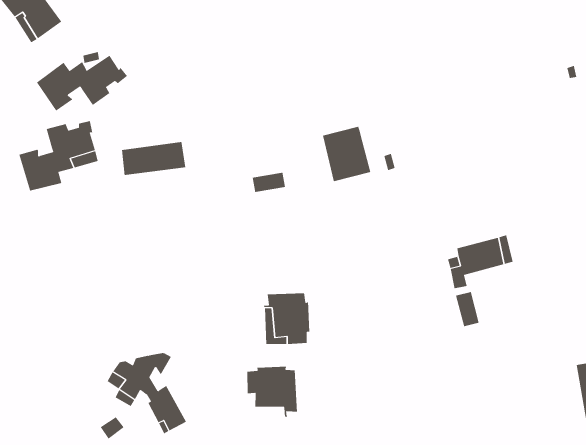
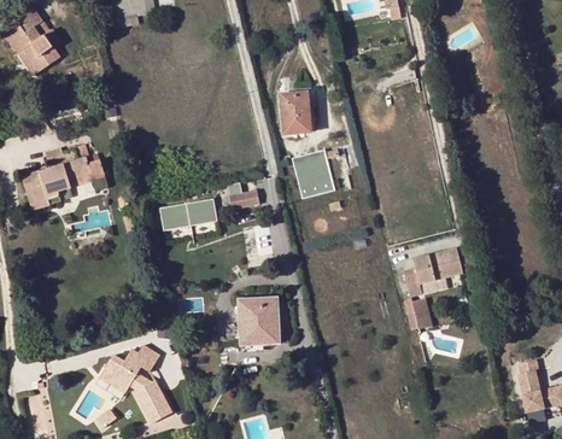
building: [36,55,128,112] -> none
building: none -> [281,93,310,135]
building: [121,142,186,176] -> [162,198,219,228]
building: [247,366,297,418] -> none

